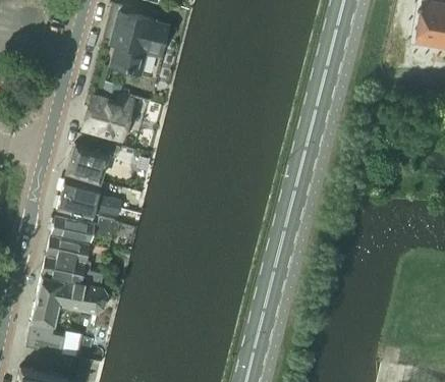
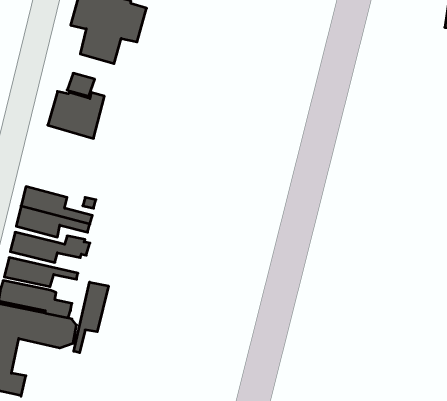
building: [67,139,120,181] -> none
building: none -> [74,282,108,353]

